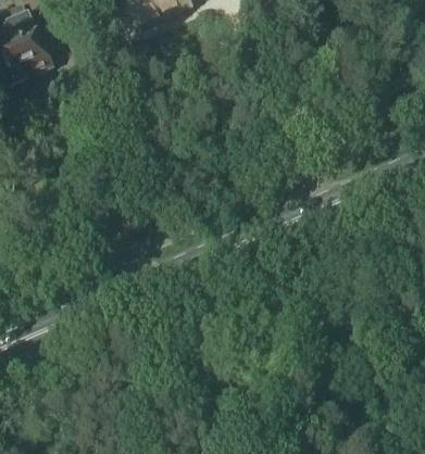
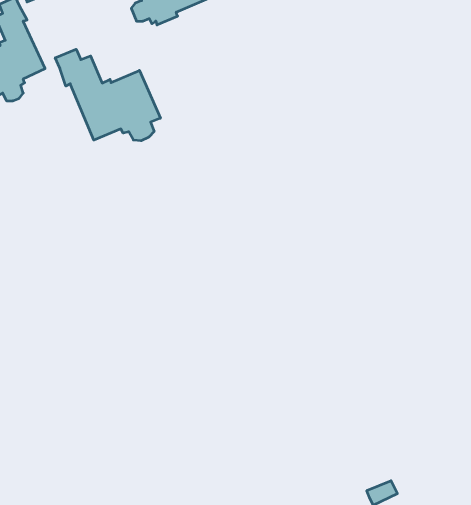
building: none -> [55,49,160,141]

